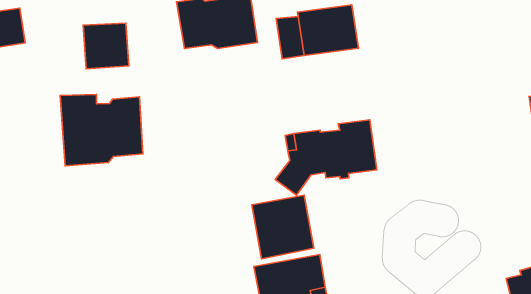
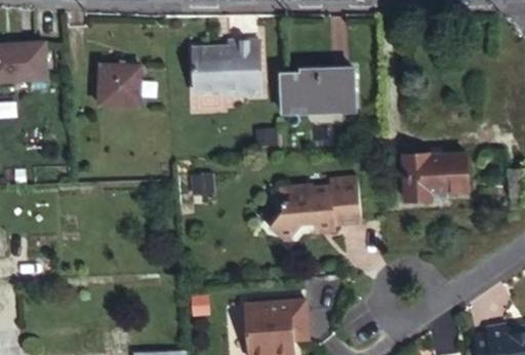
building: none -> [404,150,468,198]
building: [60,95,143,166] -> none
building: [252,195,314,259] -> none

